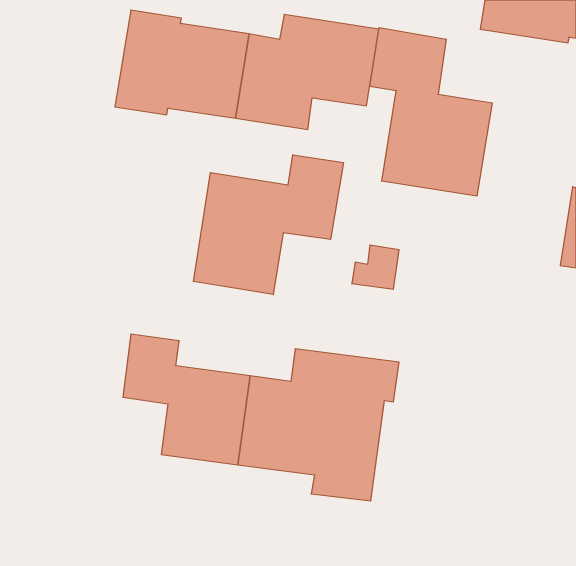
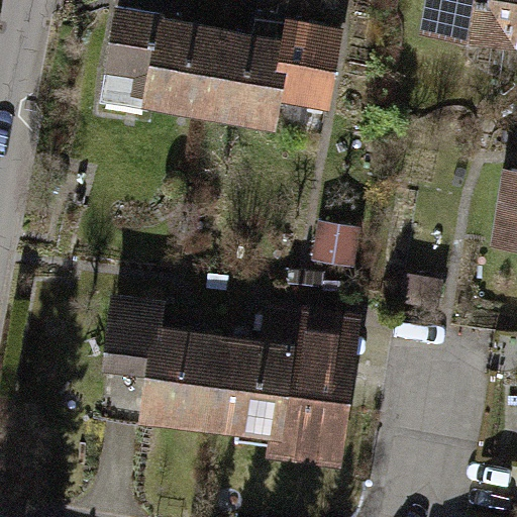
building: [370,28,492,196] -> none
building: [193,155,343,295] -> none

